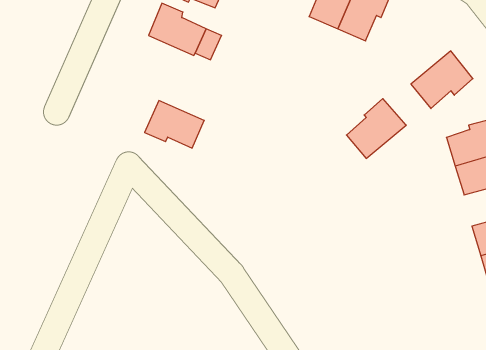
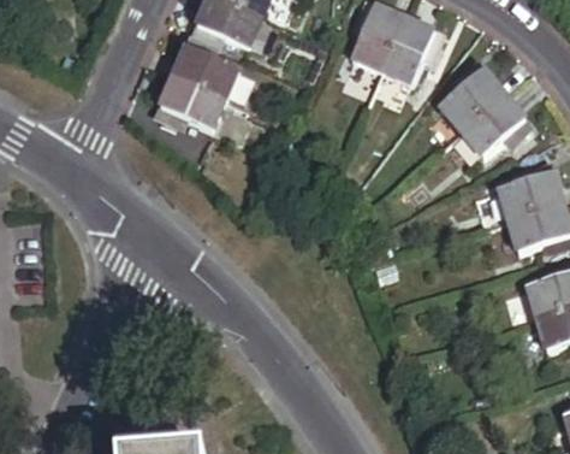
building: [346,99,406,158] -> [438,64,503,129]
building: [145,101,204,148] -> [159,76,224,128]

